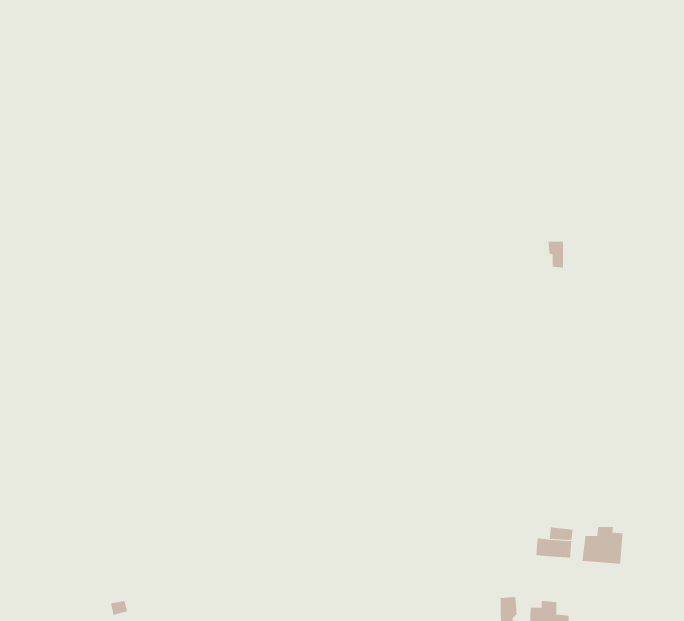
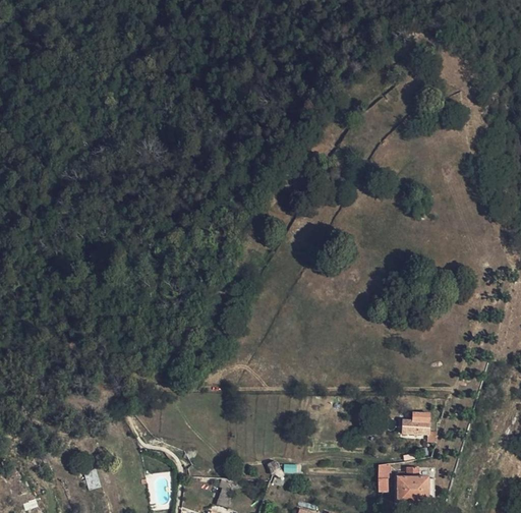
building: [582,526,623,565] -> none

